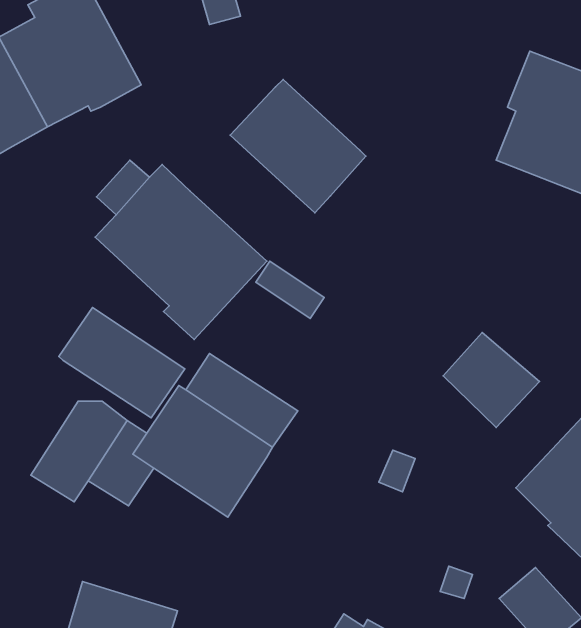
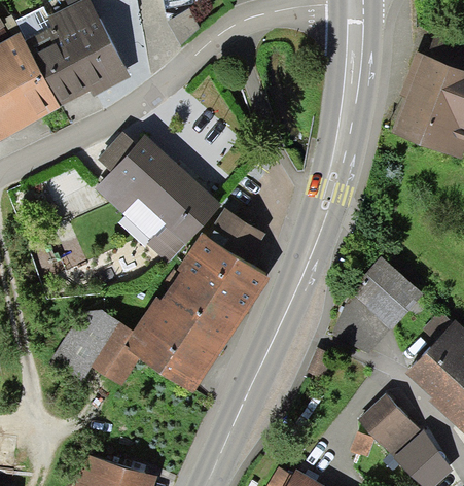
building: [230,80,366,213] -> none
building: [59,307,185,418] -> [178,235,271,316]
building: none -> [358,392,421,454]

